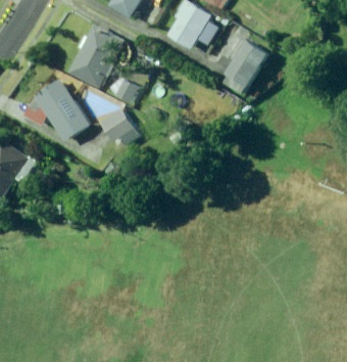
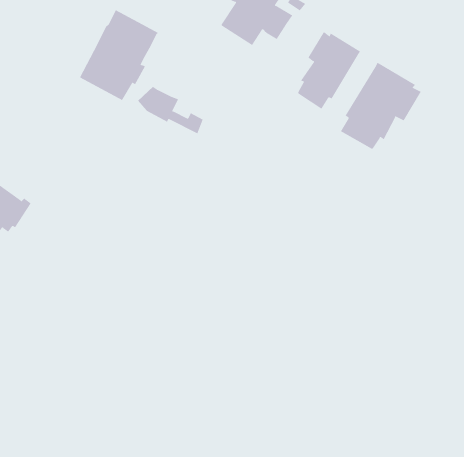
building: none -> [340,62,422,150]
building: [23,79,90,142] -> none
building: [101,109,139,145] -> none

